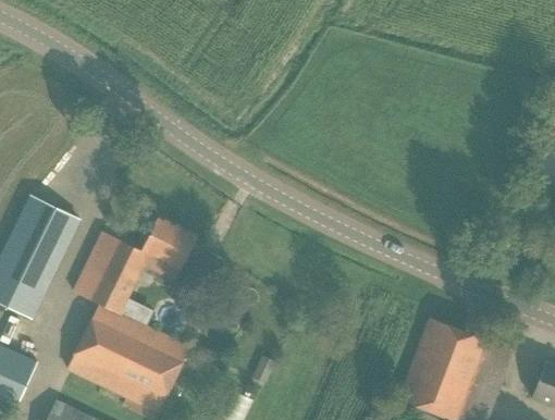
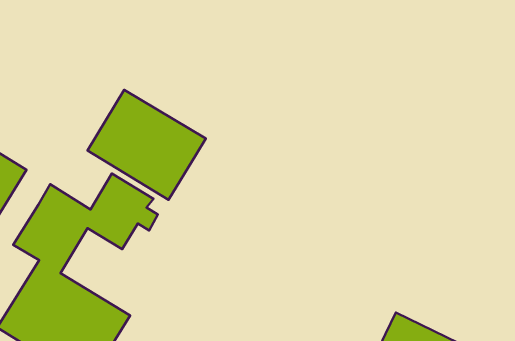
building: none -> [88,90,206,200]

